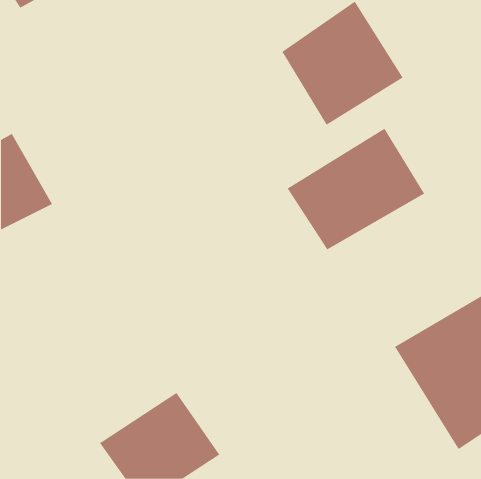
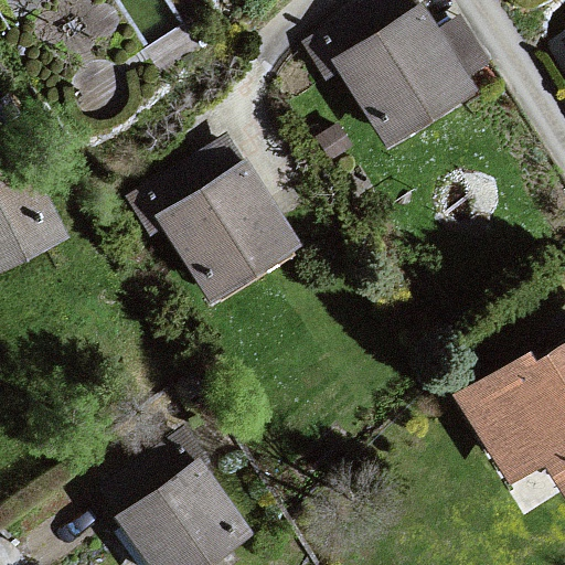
building: [287,128,425,250] -> none
building: none -> [152,160,297,302]

